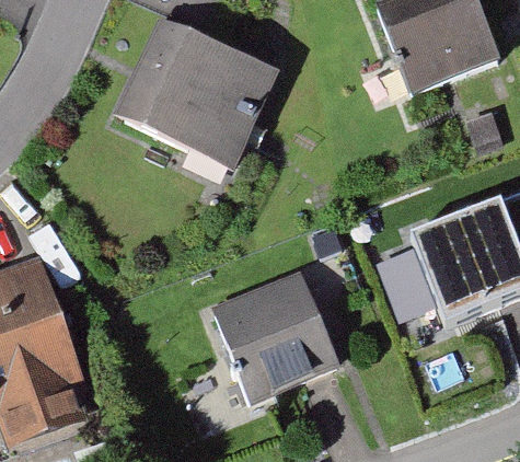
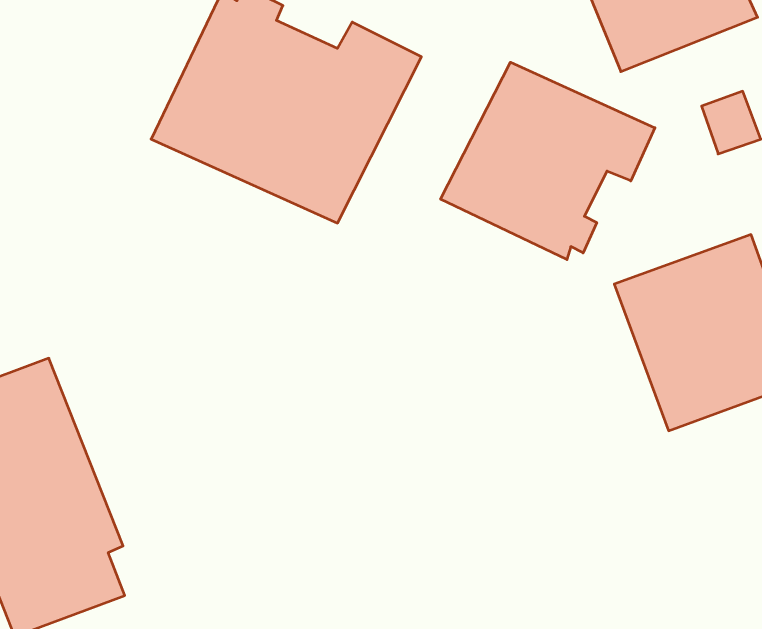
building: none -> [441,62,655,260]
building: [205,290,333,421] -> none

